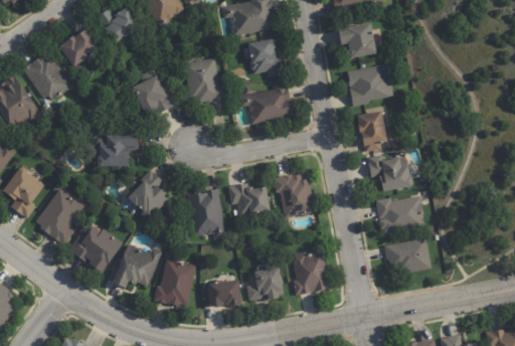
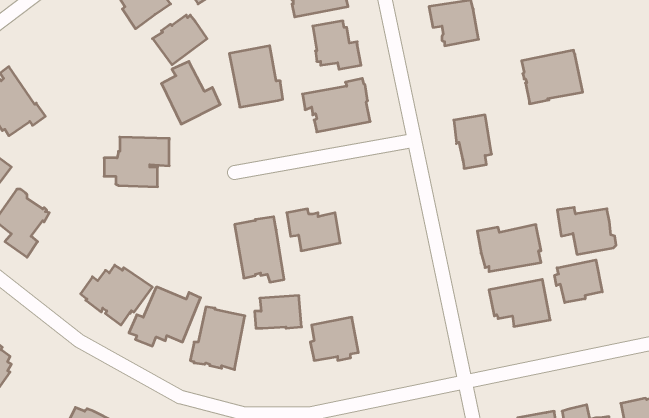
building: [57,29,100,67] -> [152,15,207,65]
building: [22,52,71,101] -> none
building: [346,63,393,105] -> [522,50,583,104]
building: [367,155,412,191] -> [557,207,616,254]
building: [126,169,167,219] -> none
building: [274,174,314,217] -> none
building: [34,188,82,243] -> none
building: none -> [555,260,602,303]
building: [291,250,329,295] -> none
building: [203,281,239,306] -> [255,296,302,328]

